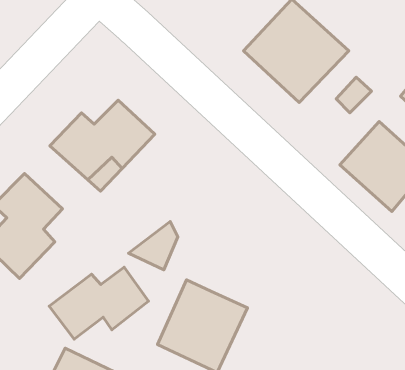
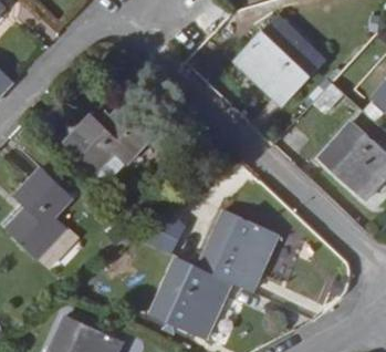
building: none -> [205,217,283,296]
building: [49,267,149,339] -> none

